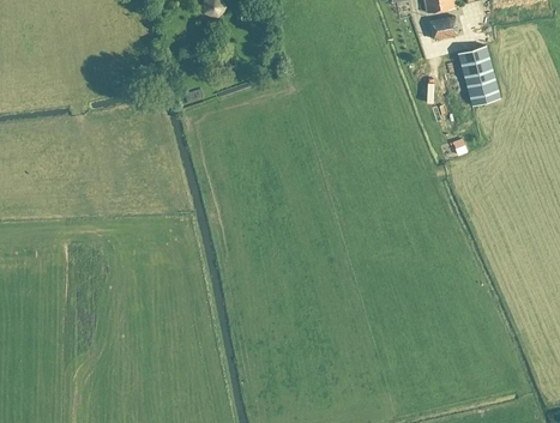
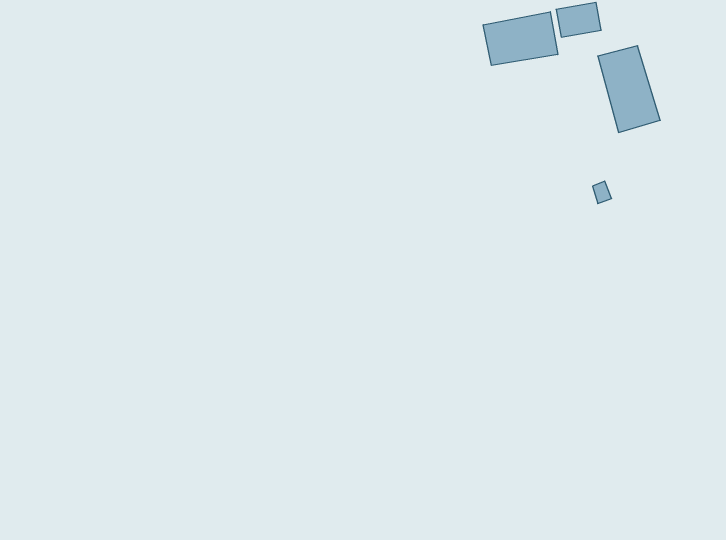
building: none -> [483,12,558,65]

